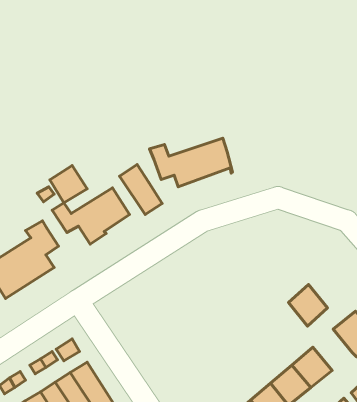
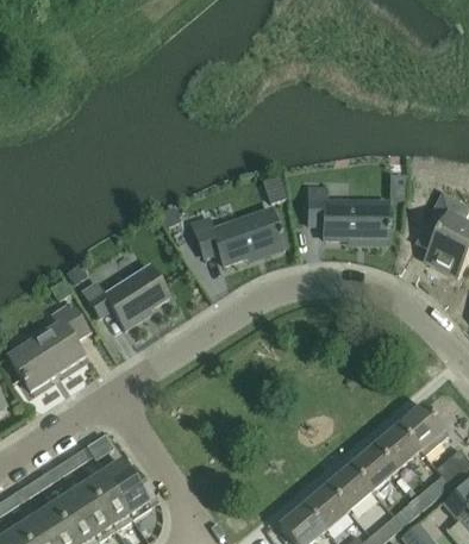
building: none -> [307,189,386,244]
building: [120,164,162,214] -> none
building: [50,165,87,203] -> none
building: [288,285,328,326] -> [374,424,418,470]

